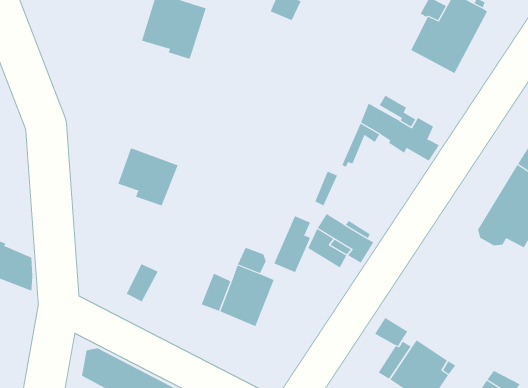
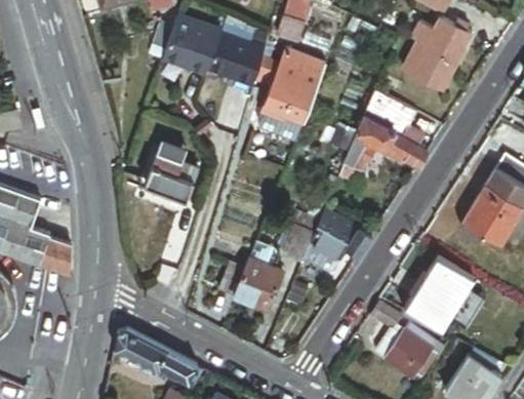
building: none -> [211,34,266,86]
building: none -> [263,49,326,120]
building: none -> [405,255,474,329]

